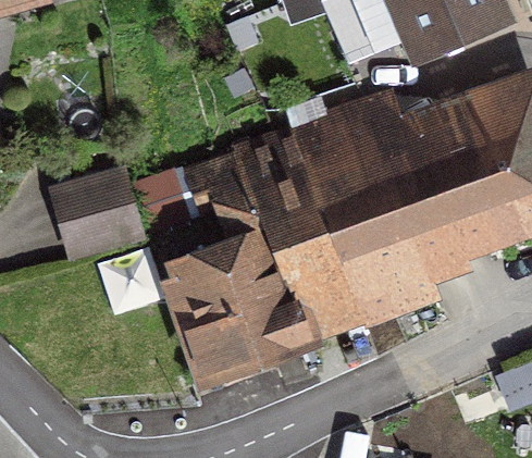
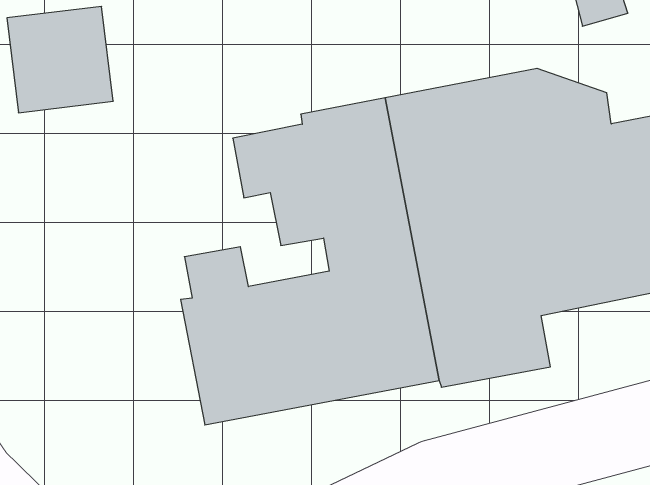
building: [57,174,138,256] -> [7,6,113,113]

